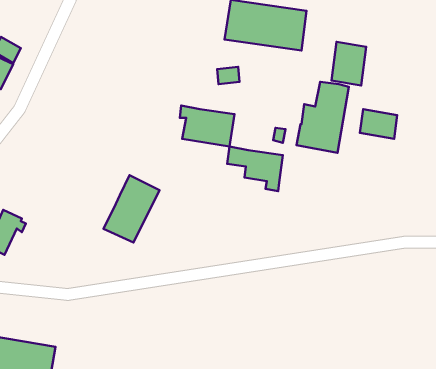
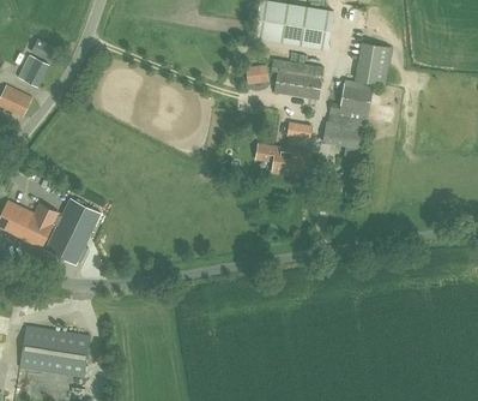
building: [180,105,235,146] -> [271,59,323,98]
building: [360,109,397,139] -> none
building: [104,175,159,242] -> [46,198,99,263]

